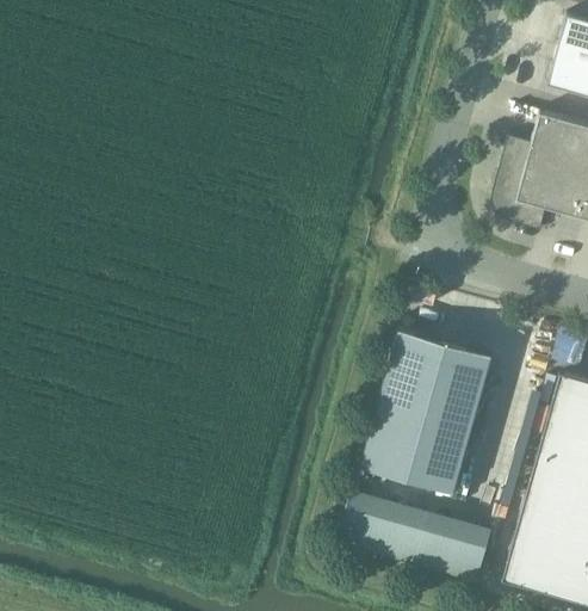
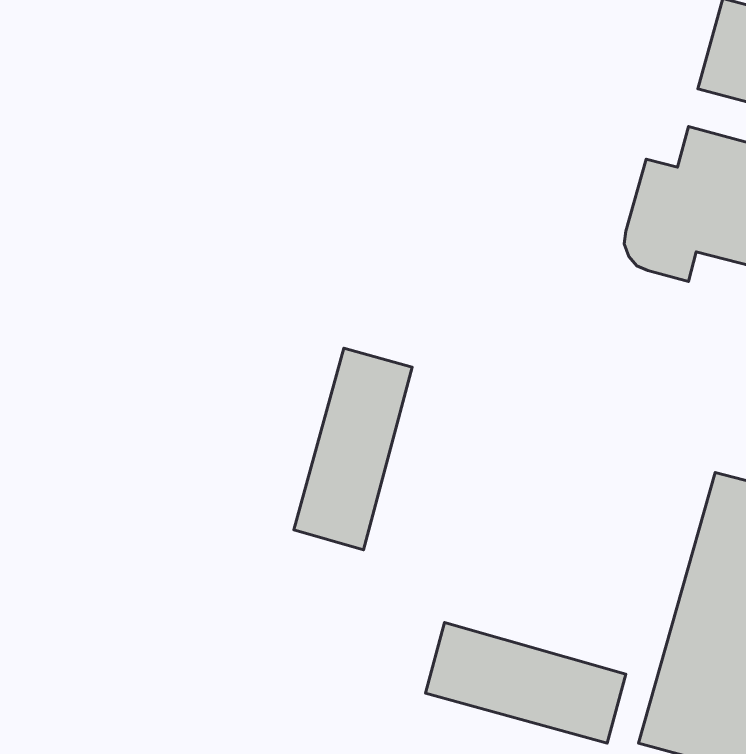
building: none -> [294,348,412,550]
building: [361,329,491,494] -> none

